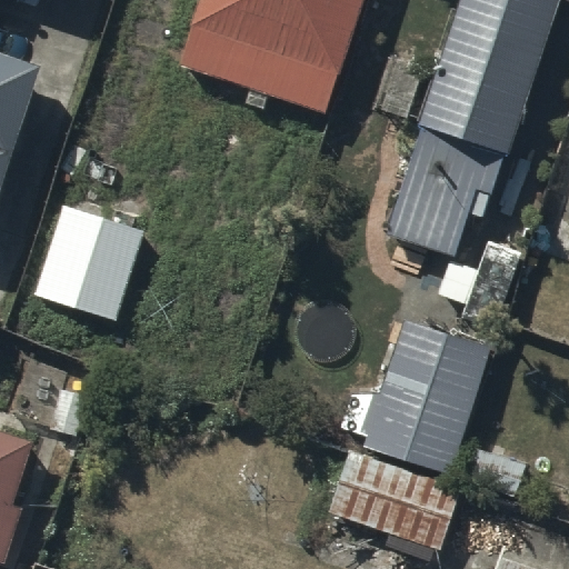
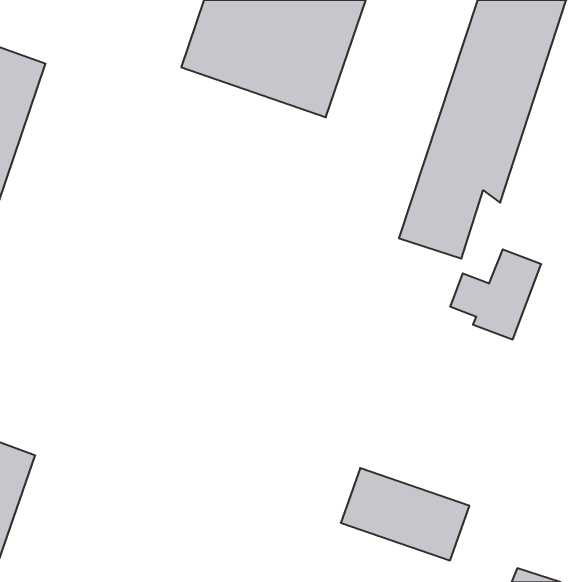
building: [33,202,144,321] -> none
building: [368,326,487,469] -> none

